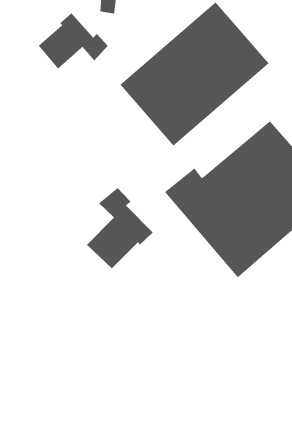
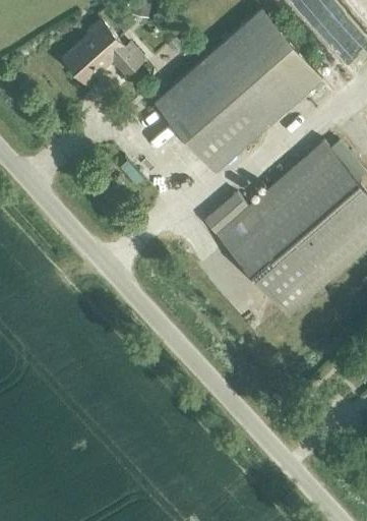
building: [86,187,154,269] -> none

